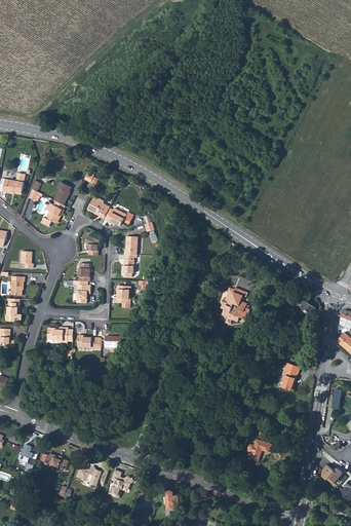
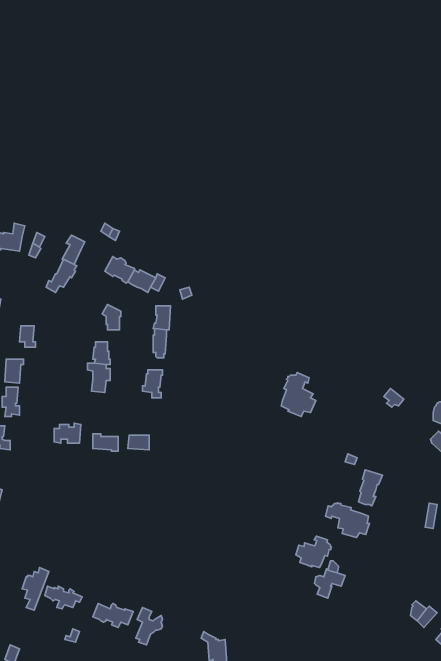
building: none -> [326,503,369,537]
building: none -> [296,536,332,568]

